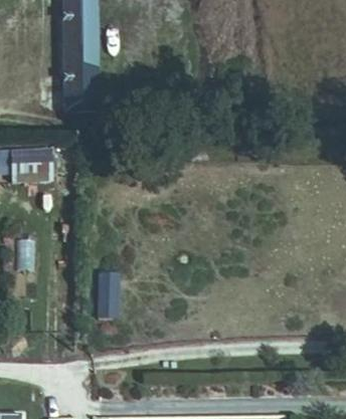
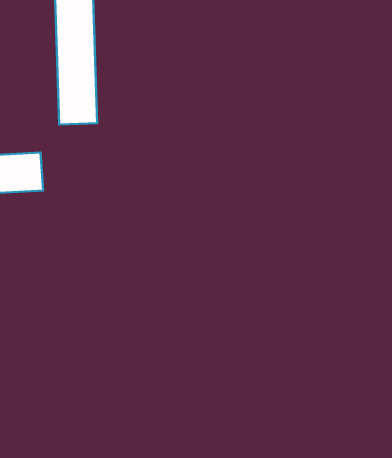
building: [98,269,122,317] -> none

